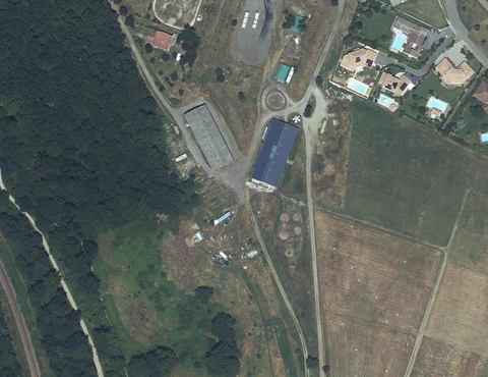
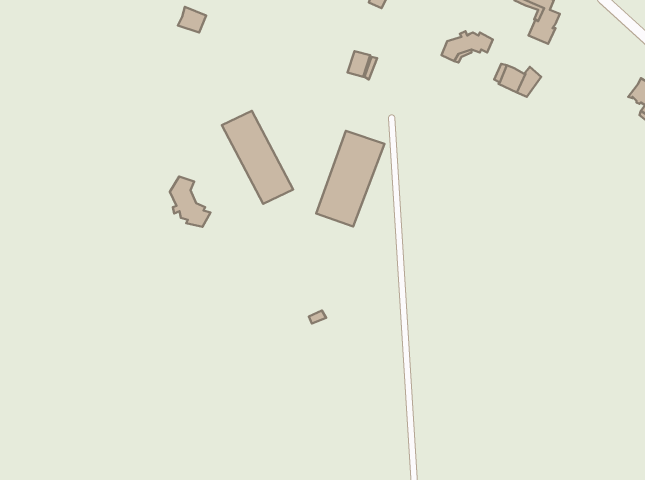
building: [437,57,474,83] -> none
building: none -> [170,176,210,227]

